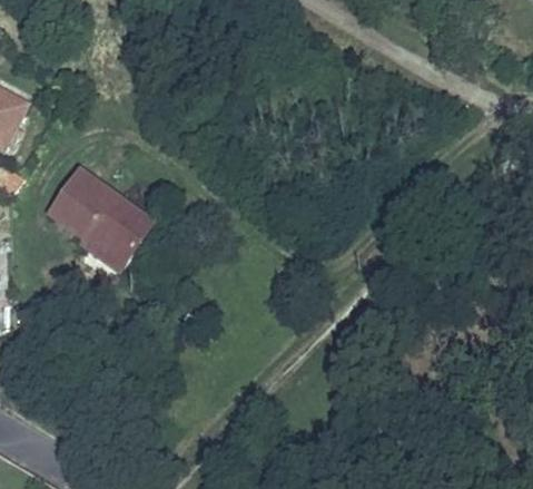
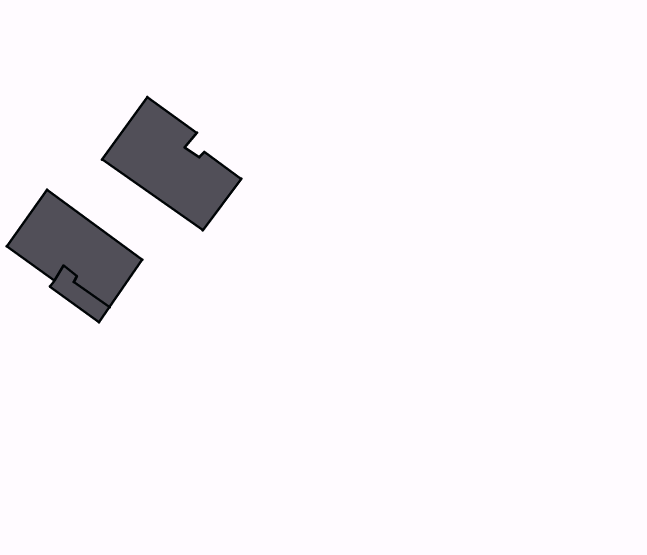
building: none -> [102,97,241,230]

